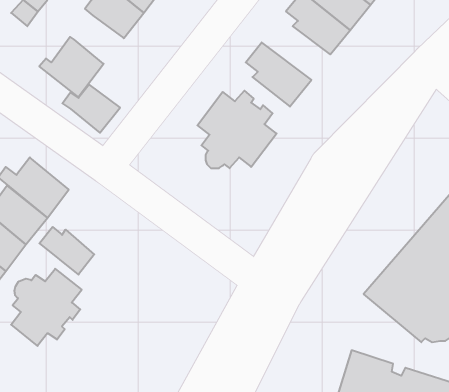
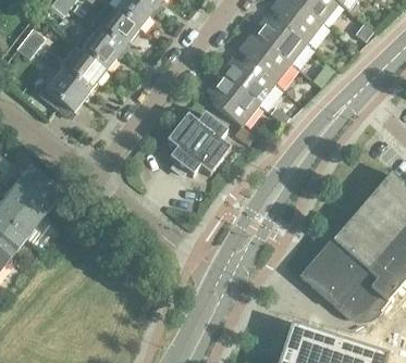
building: none -> [219,55,274,102]
building: [62,85,120,133] -> [60,50,107,89]
building: [39,227,94,275] -> none
building: [11,269,82,346] -> none

